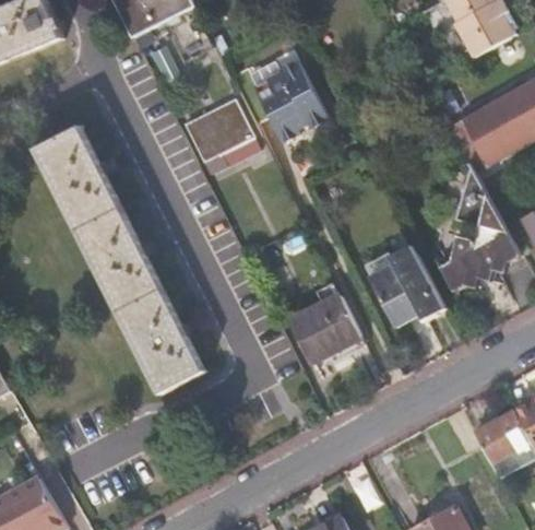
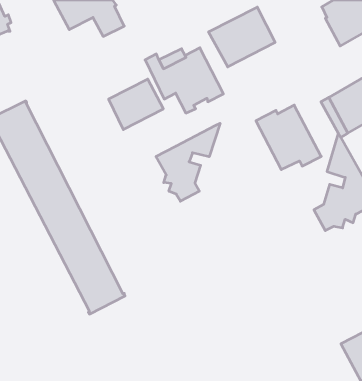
building: none -> [209,7,275,67]
building: none -> [156,123,220,201]
building: [364,245,445,326] -> [256,105,321,170]
building: [289,295,359,362] -> none

